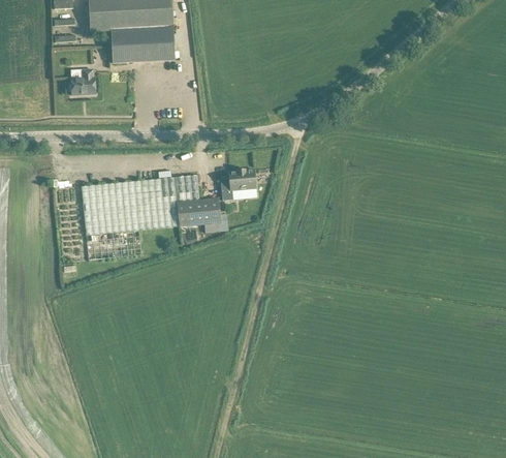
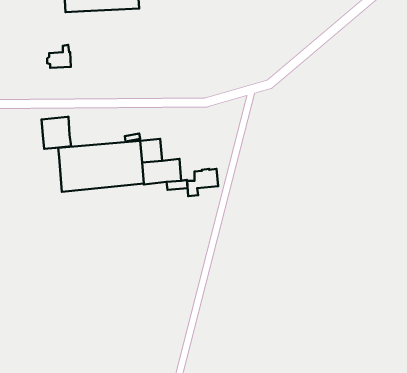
building: [110,27,176,62] -> none
building: none -> [41,117,71,149]
building: [221,169,256,200] -> [187,169,218,196]

